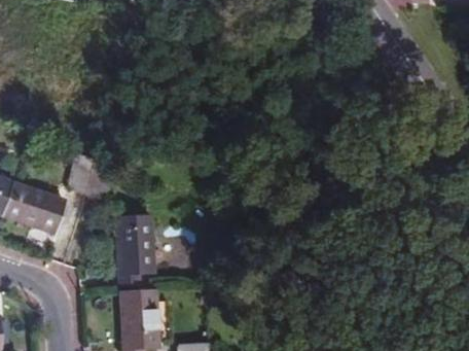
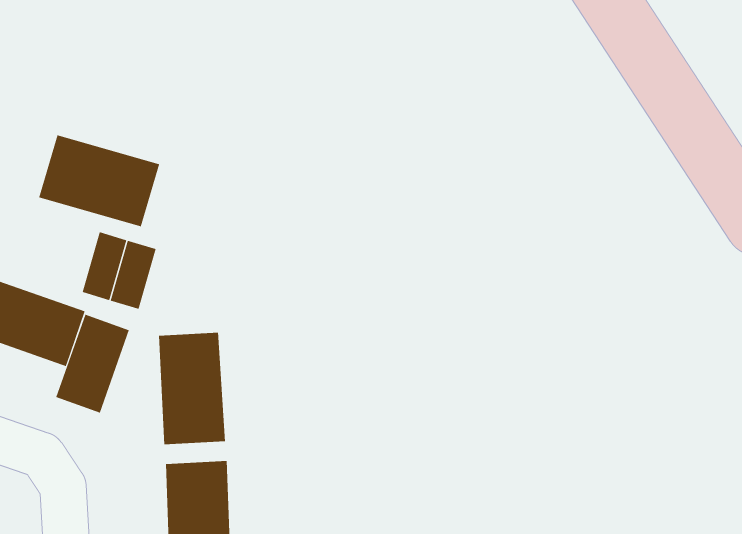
building: none -> [39,135,160,227]
building: none -> [56,314,130,414]

